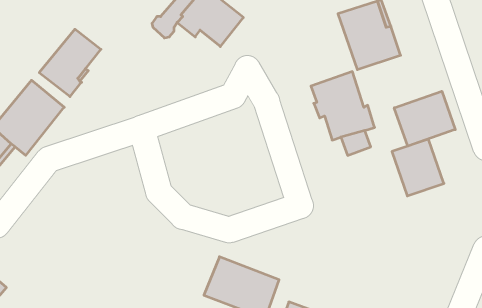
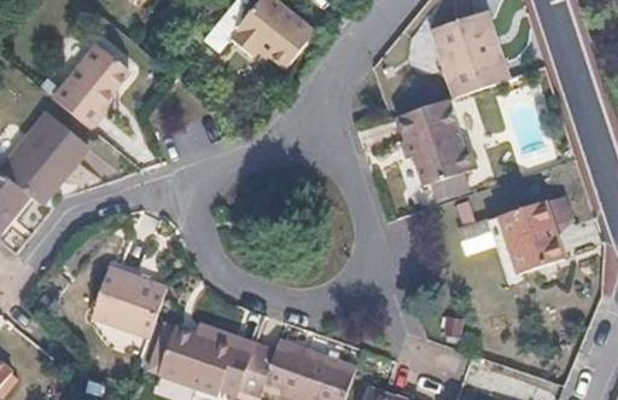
building: [394,91,455,146] -> none
building: none -> [93,263,168,335]
building: none -> [158,324,255,392]

